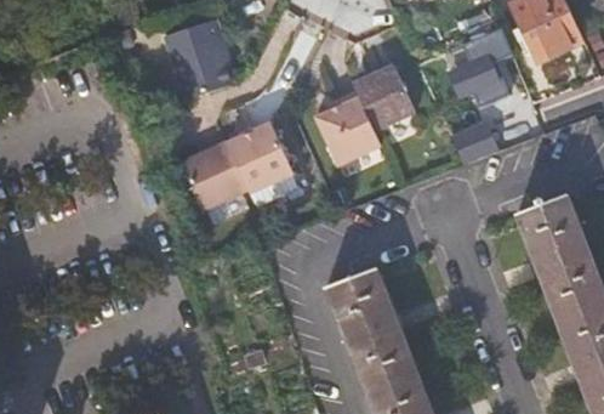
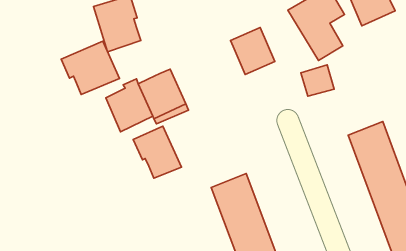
building: none -> [61,41,119,94]
building: [318,91,383,168] -> none
building: none -> [133,126,181,178]

